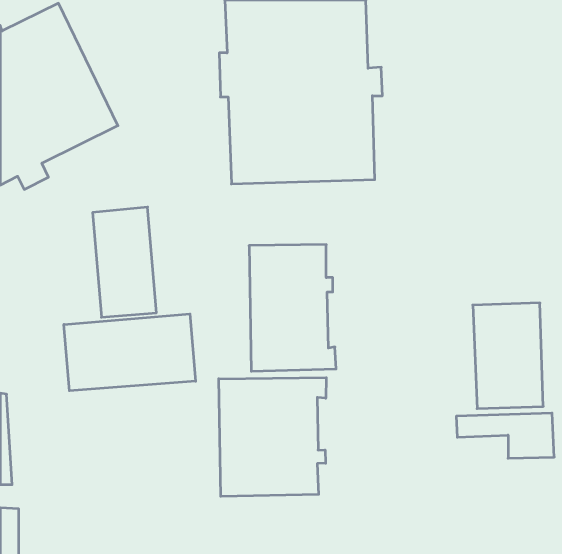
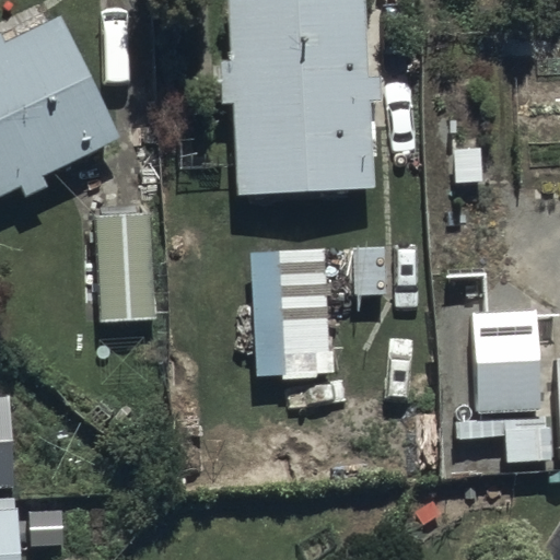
building: [64,314,196,391] -> none
building: [219,378,326,496] -> none

